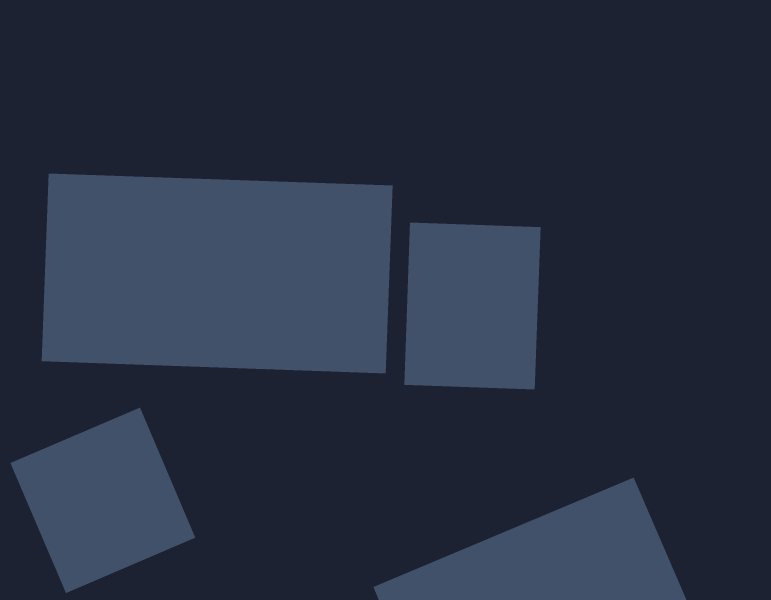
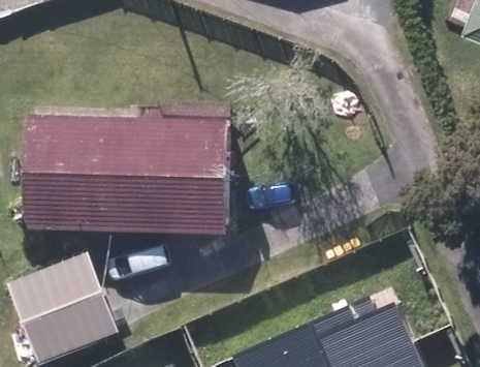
building: [404,222,541,390] -> none

